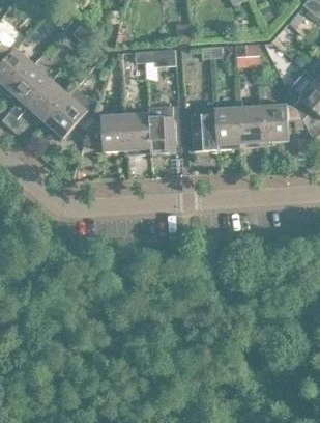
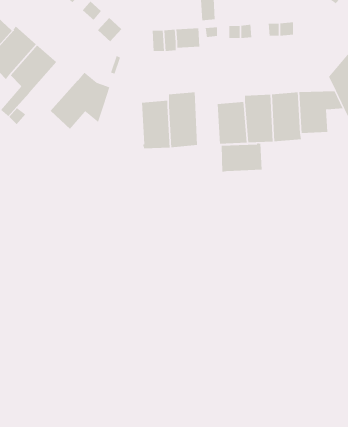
building: [28,78,69,120] -> none
building: [88,113,127,150] -> none
building: none -> [221,143,262,172]

